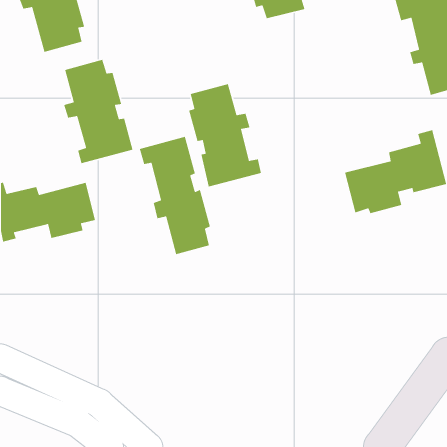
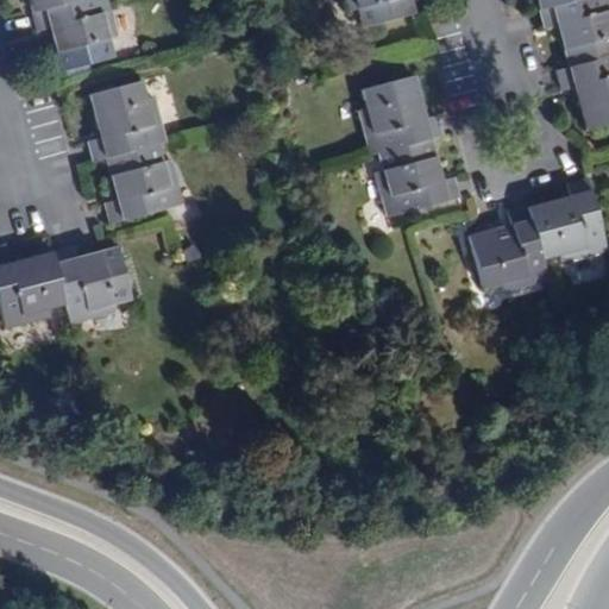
building: [188,83,262,188] -> [359,75,459,216]
building: [139,136,211,255] -> none

